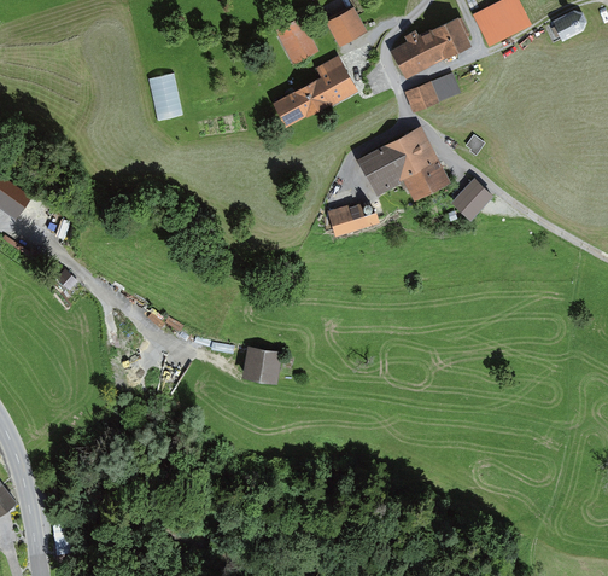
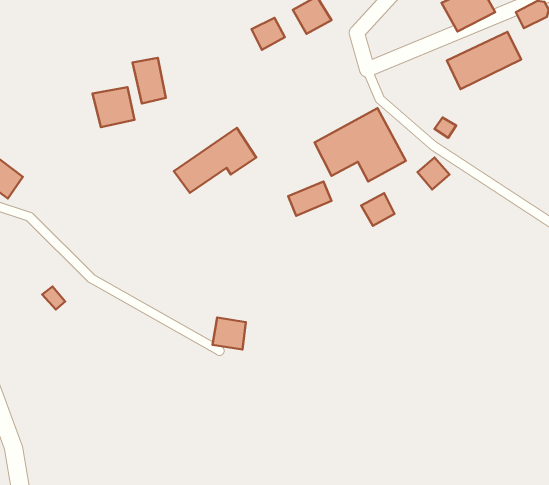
building: [394,19,473,80] -> [447,32,521,89]
building: [264,60,351,129] -> [174,128,256,193]
building: [415,82,445,110] -> none
building: none -> [93,87,135,127]
building: none -> [361,193,395,226]

